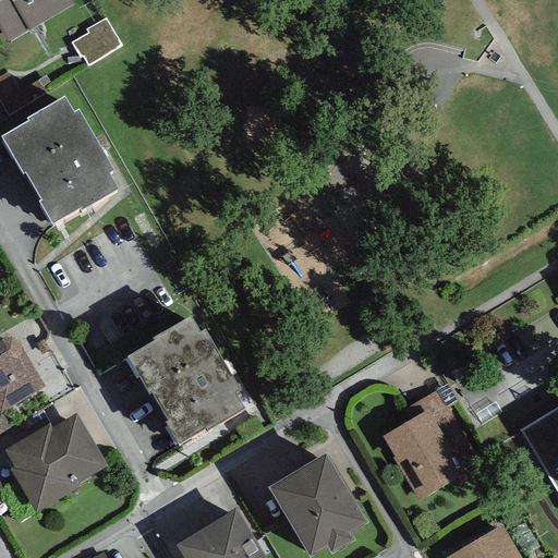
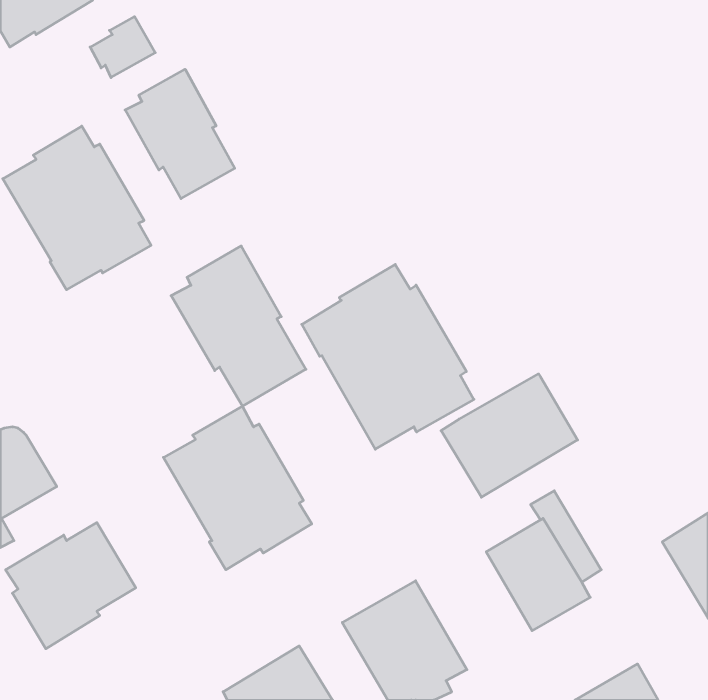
building: none -> [125,69,235,199]
building: none -> [171,246,306,406]
building: none -> [302,264,474,449]
building: none -> [441,374,578,497]

